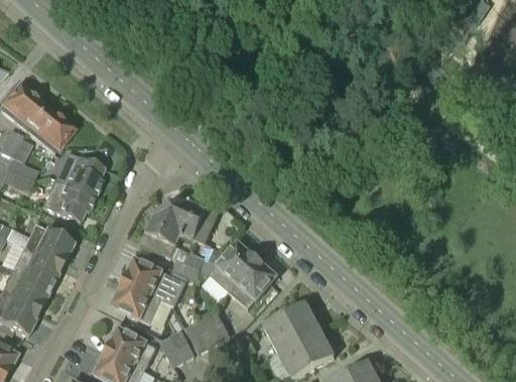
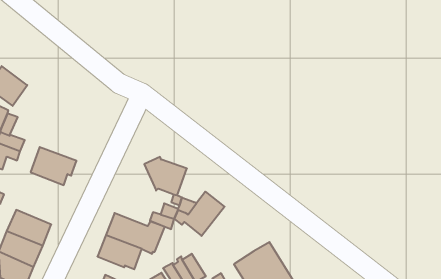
building: [27,107,74,151] -> none
building: [54,151,104,196] -> none
building: [140,205,181,256] -> none
building: [23,223,74,265] -> none
building: [229,258,276,306] -> none

